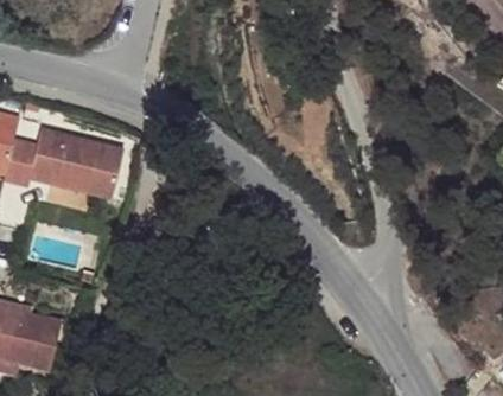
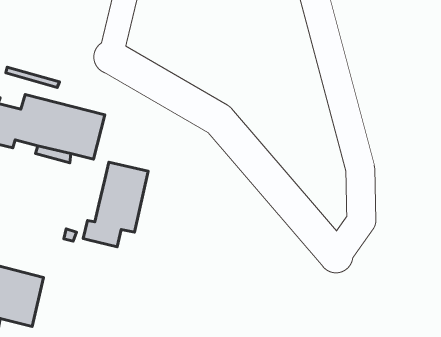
building: none -> [83,162,148,247]

